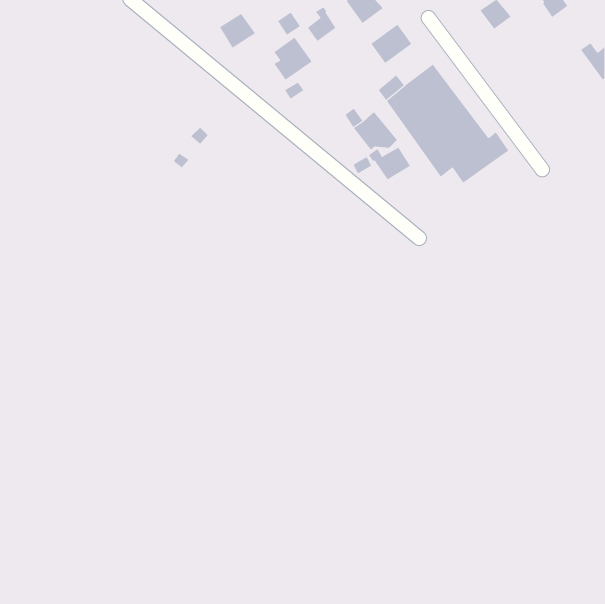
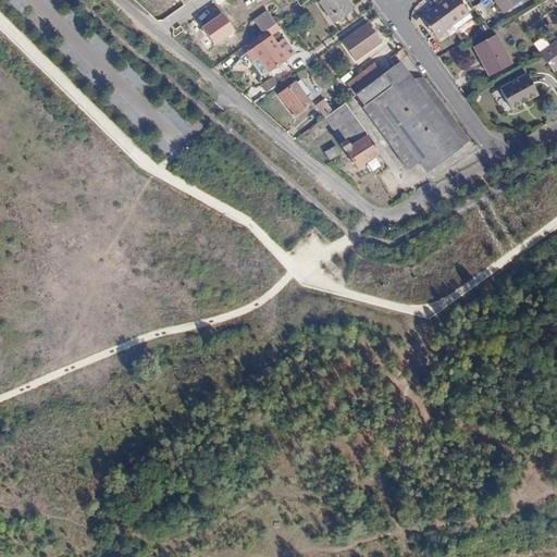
building: [307,6,336,42] -> none
building: none -> [425,10,454,39]
building: none -> [474,37,513,77]
building: none -> [500,77,540,113]
building: none -> [278,79,311,115]

